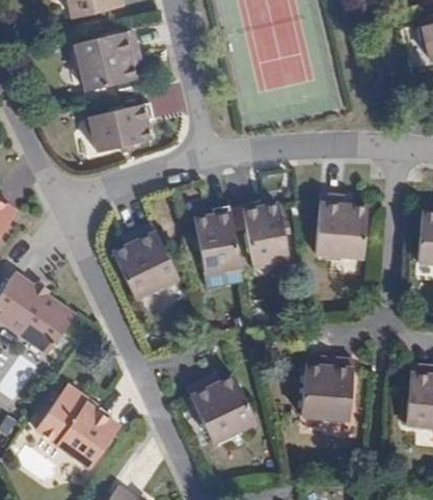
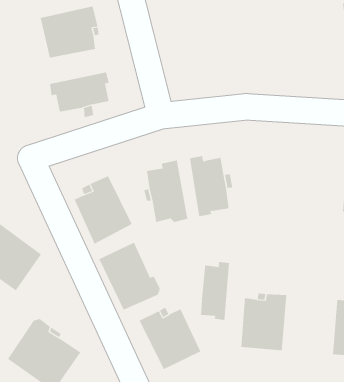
building: [315,193,369,262] -> none
building: none -> [98,242,160,311]
building: none -> [200,261,229,321]

